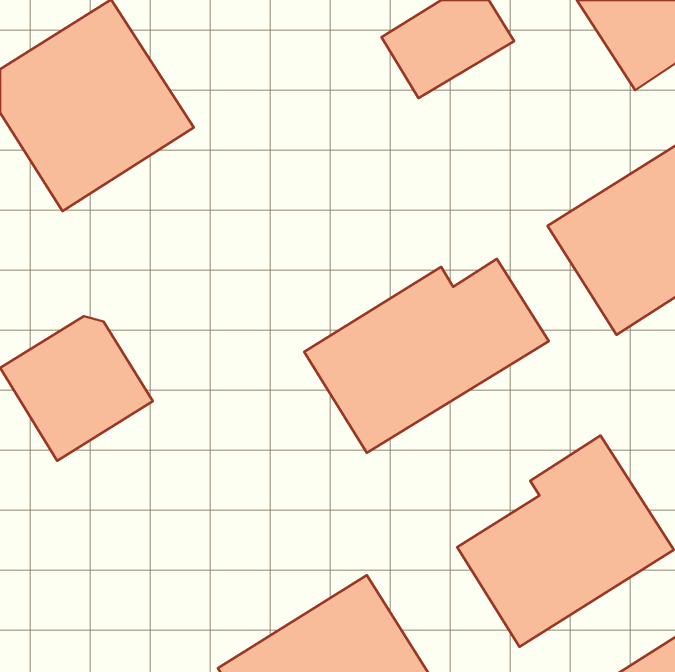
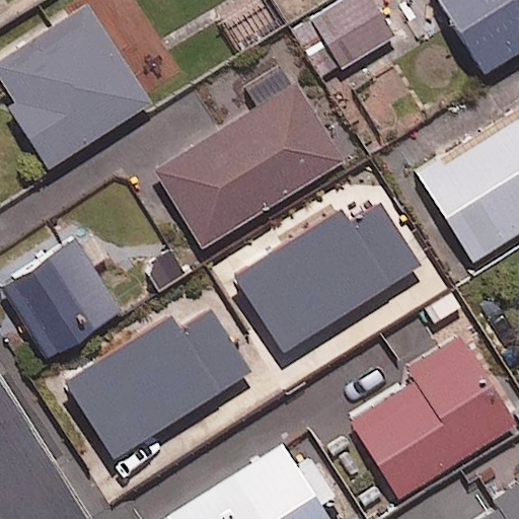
building: none -> [156,84,345,247]
building: none -> [66,310,249,457]

